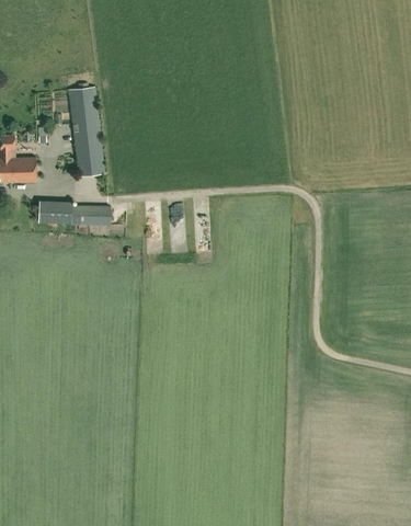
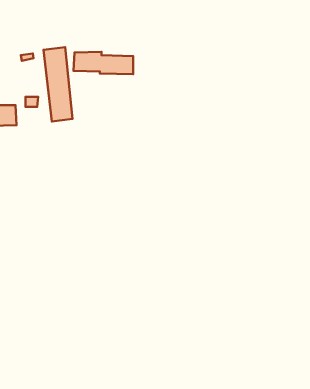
building: [38,199,111,227] -> [74,52,133,74]

